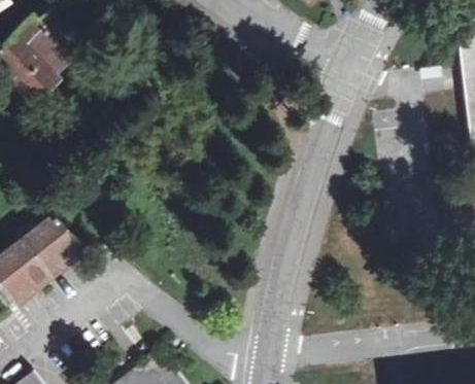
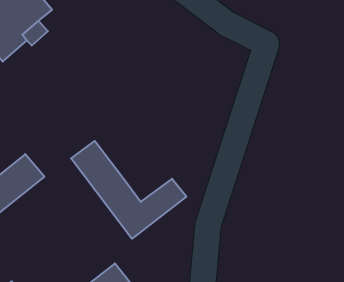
building: none -> [71,141,186,239]

